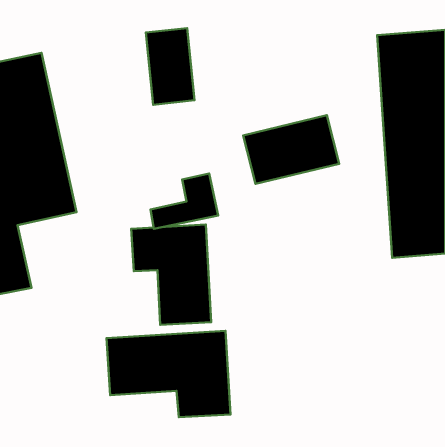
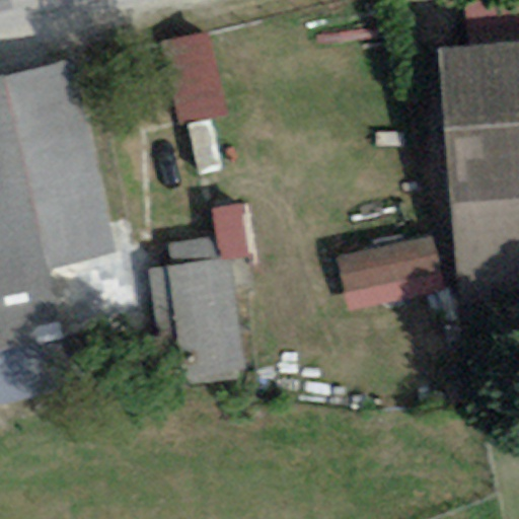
building: [243,115,339,184] -> [337,235,447,314]
building: [106,331,230,417] -> none

